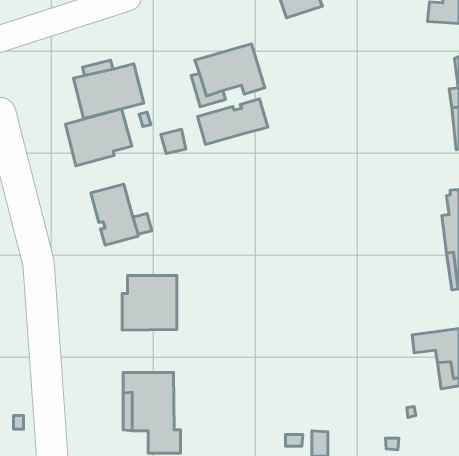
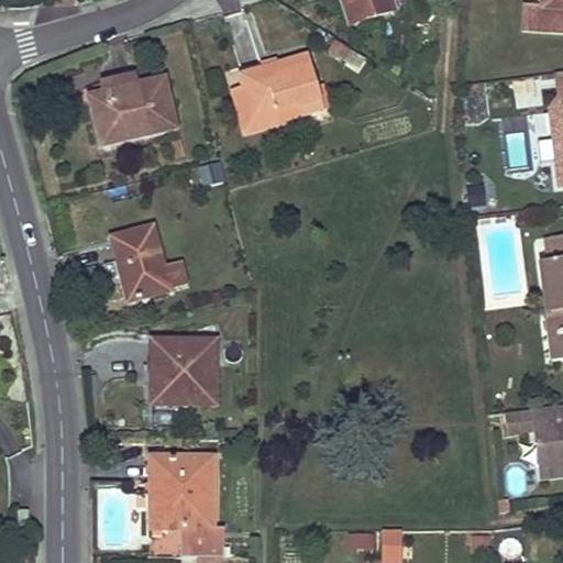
building: [198,99,268,145] -> none
building: [66,109,132,166] -> none

